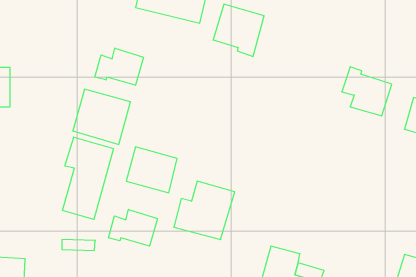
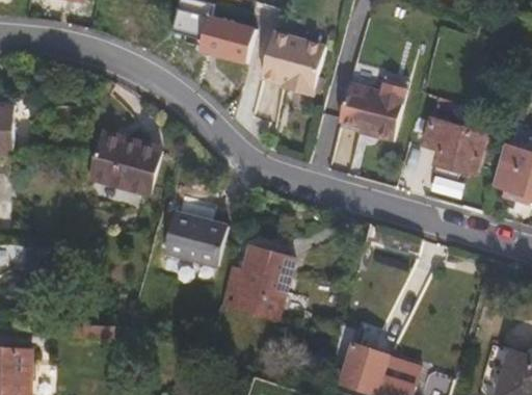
building: [95,48,144,85] -> none
building: none -> [339,87,408,146]
building: [63,137,113,219] -> none
building: [109,209,158,246] -> none

